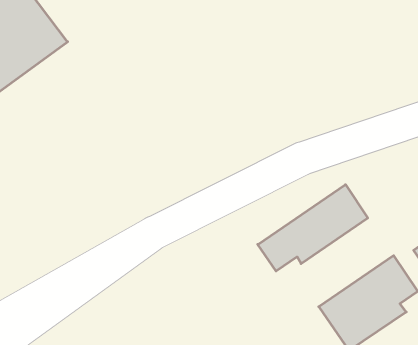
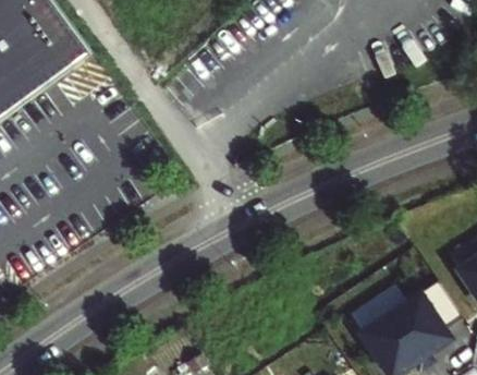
building: [258,185,368,271] -> none

